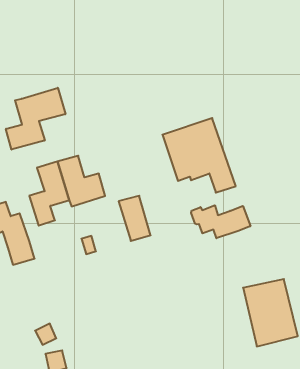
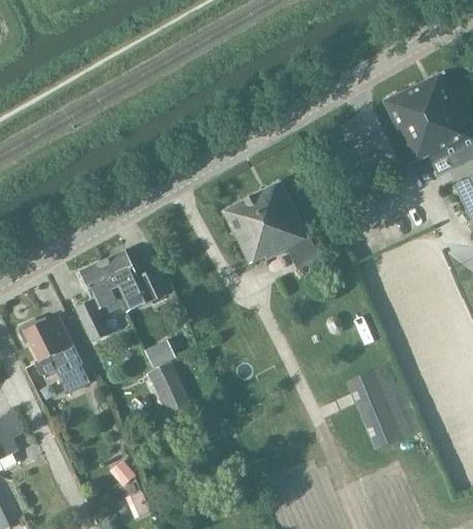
building: [6,88,65,150] -> none
building: [119,196,151,241] -> [148,362,192,417]
building: [191,205,250,238] -> none

